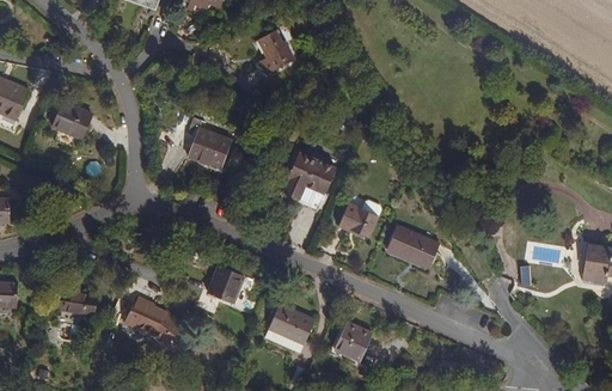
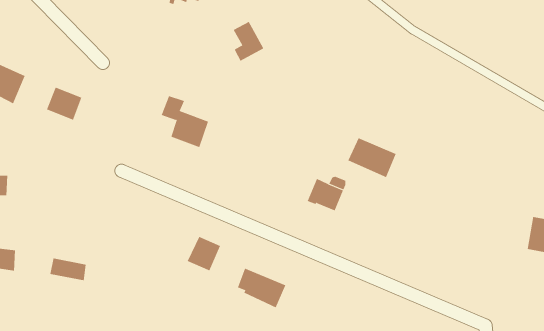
building: [283,152,336,200] -> none
building: [386,225,440,269] -> [347,137,396,178]
building: [124,298,182,346] -> none
building: [335,322,372,360] -> none

